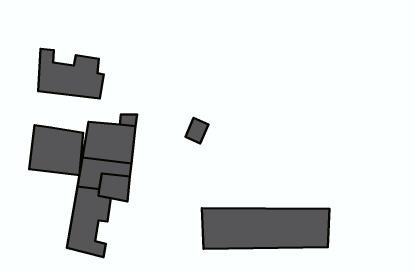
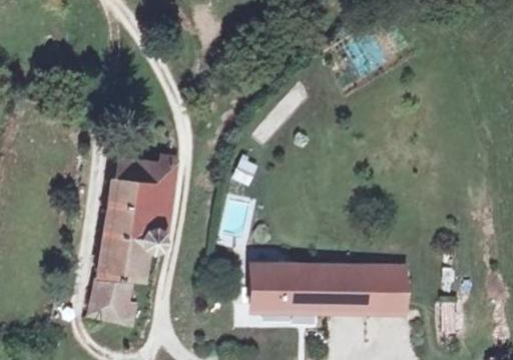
building: [38,49,104,99] -> none
building: [29,125,83,175] -> none

